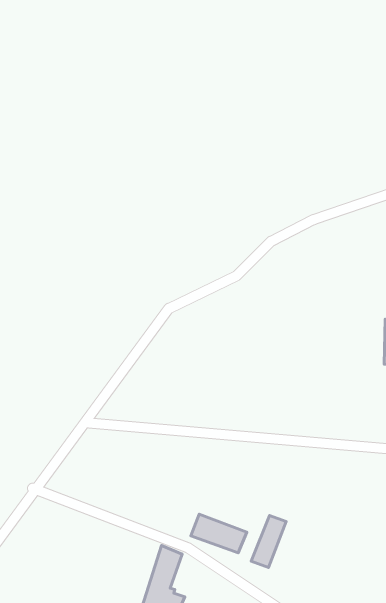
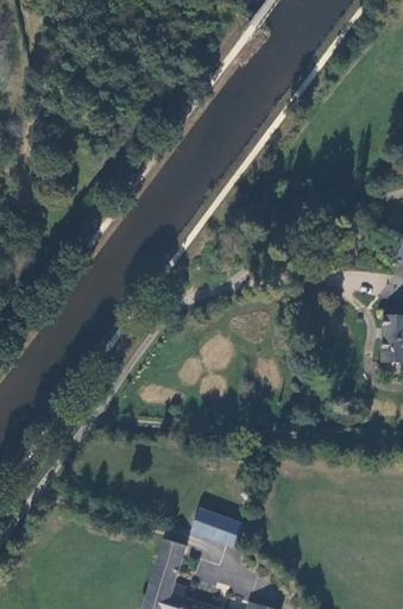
building: [251,516,286,568] -> none

